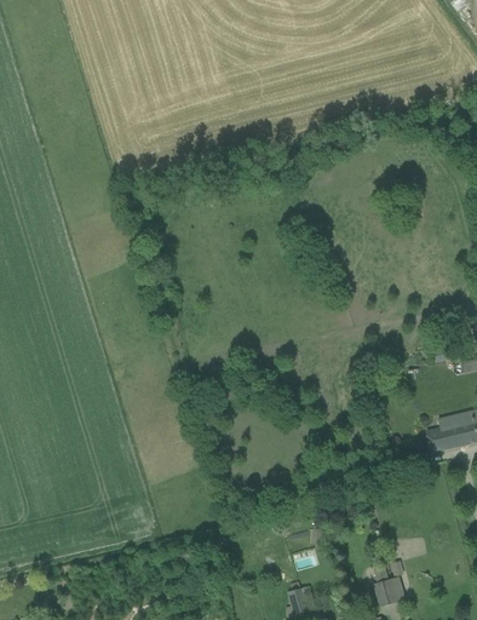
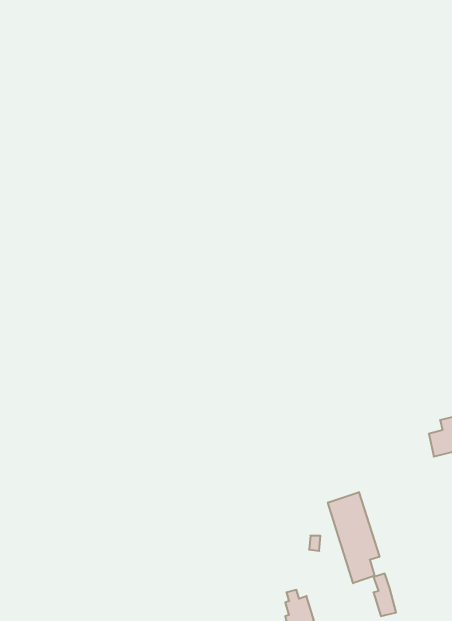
building: none -> [328,492,379,583]

